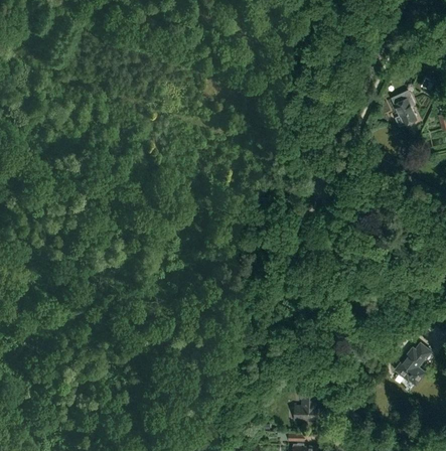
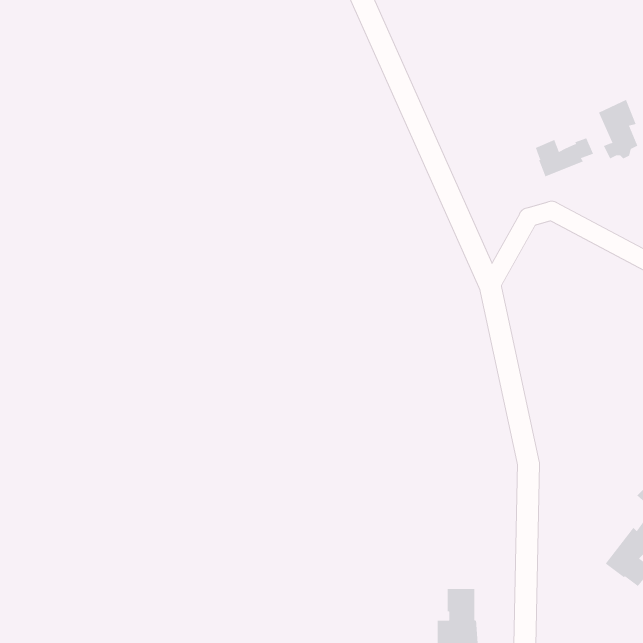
building: none -> [535,138,594,177]

